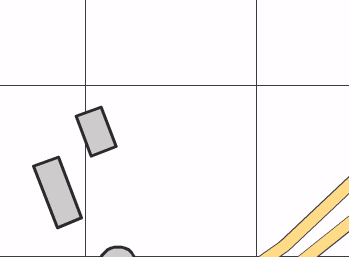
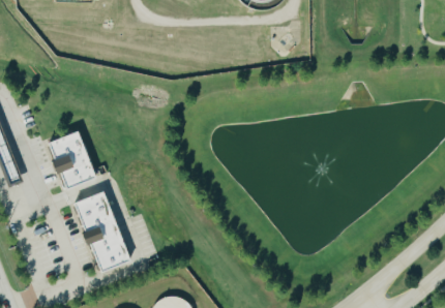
building: [76,107,116,156] -> [49,131,95,188]

